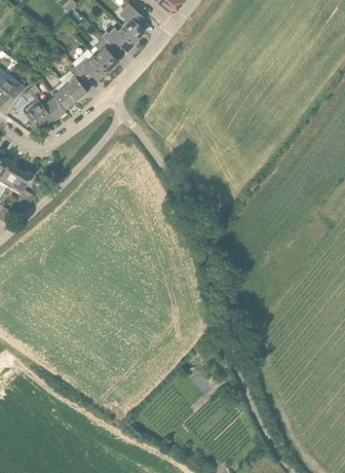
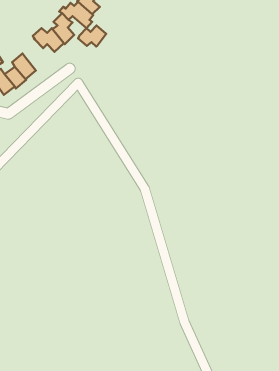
building: none -> [78,26,106,47]
building: [65,67,87,101] -> none

